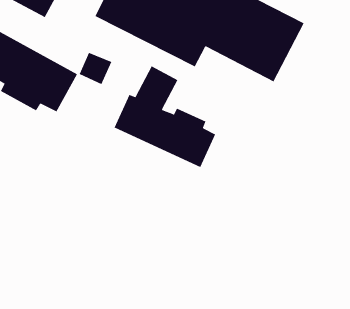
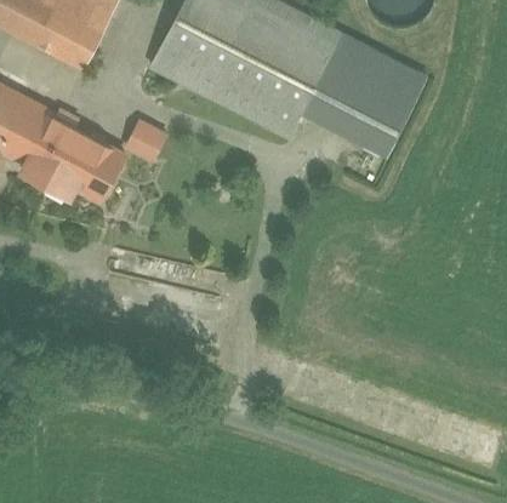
building: [114,65,216,168] -> none

